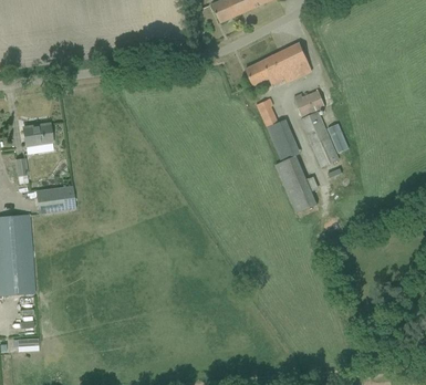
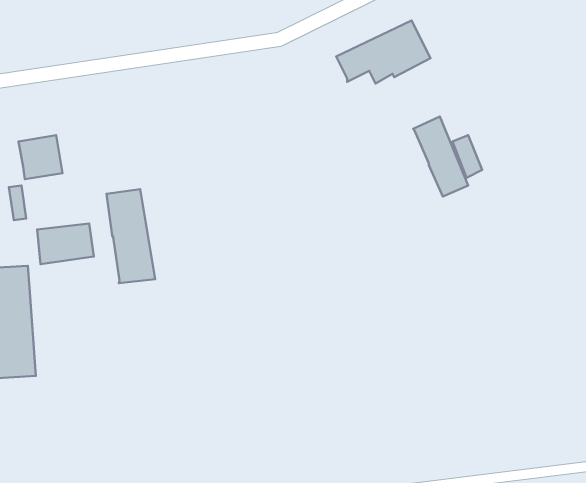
building: [293,90,325,116] -> none
building: [257,98,319,212] -> none
building: none -> [107,189,155,283]

